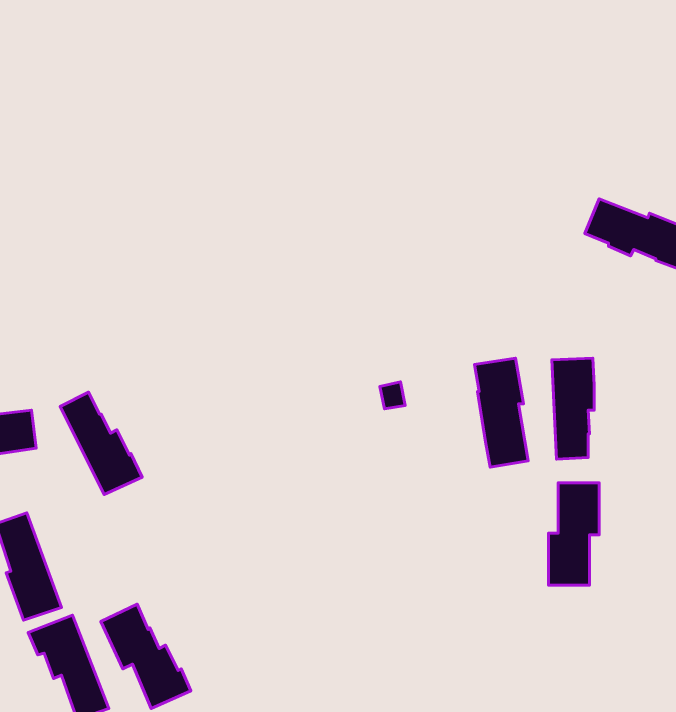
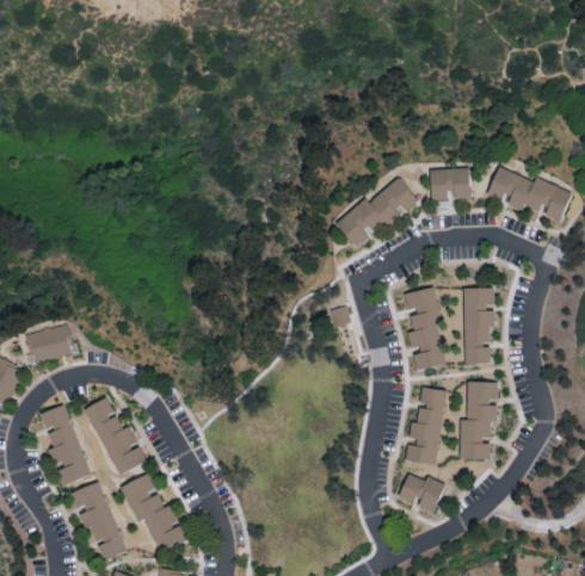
building: none -> [430,168,470,200]
building: none -> [335,176,418,248]
building: [60,392,142,495] -> [85,397,147,475]
building: none -> [405,386,447,465]
building: none -> [398,473,445,513]

